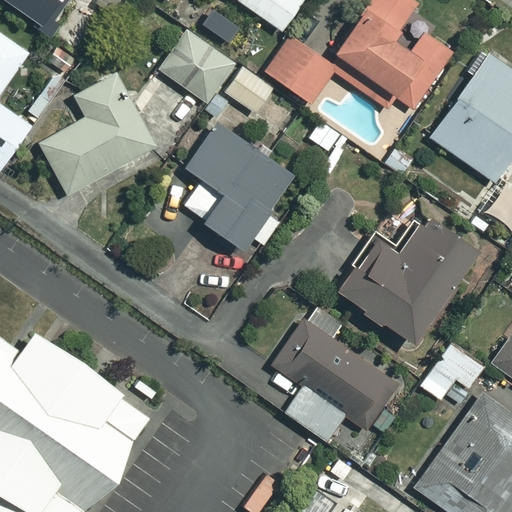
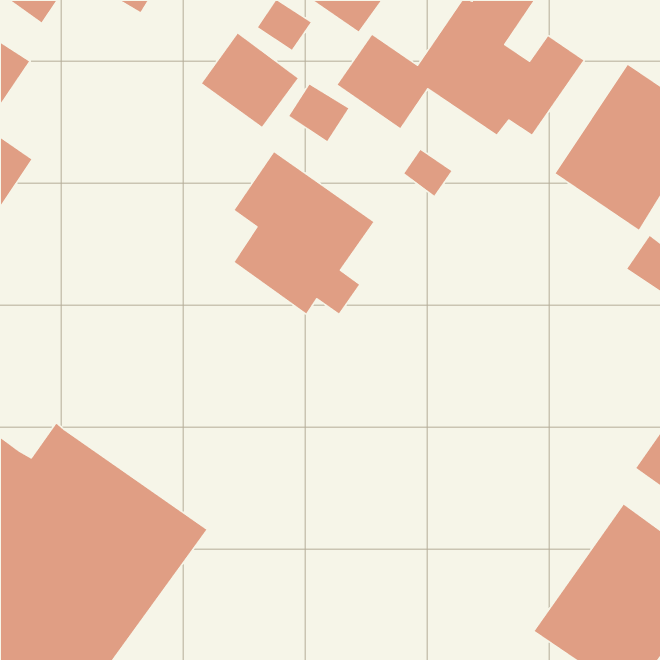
building: [38,73,155,195] -> none
building: [333,211,473,340] -> none
building: [274,320,398,440] -> none
building: [419,341,485,401] -> none

